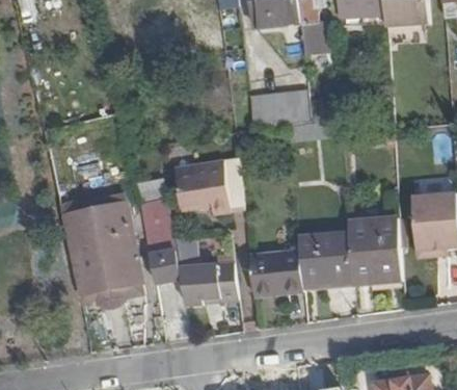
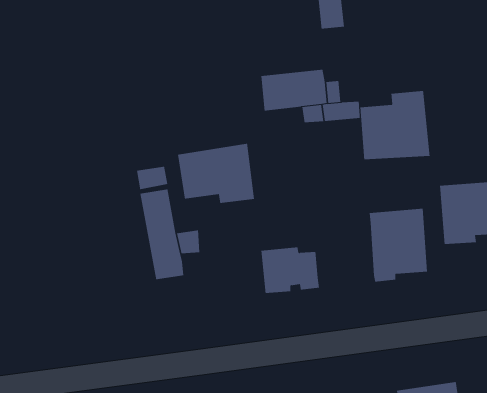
building: none -> [360,90,430,160]
building: [61,202,141,304] -> none
building: [298,231,352,282] -> none
building: [179,263,238,305] -> none

